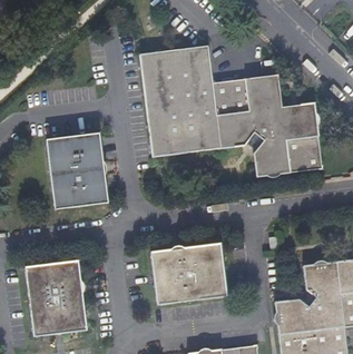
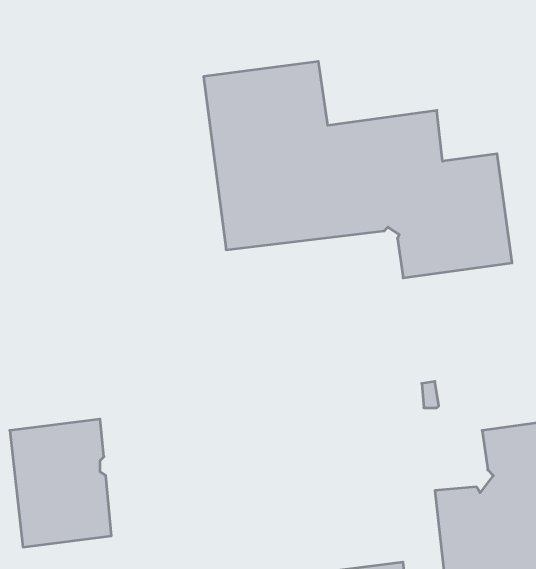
building: [48,131,108,207] -> none
building: [151,243,226,303] -> none

